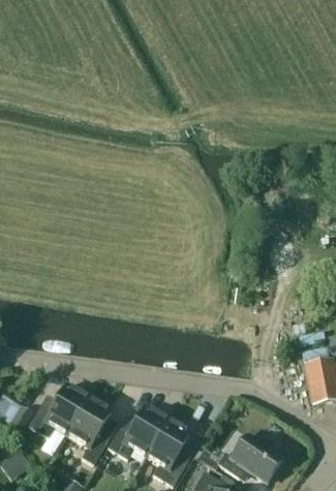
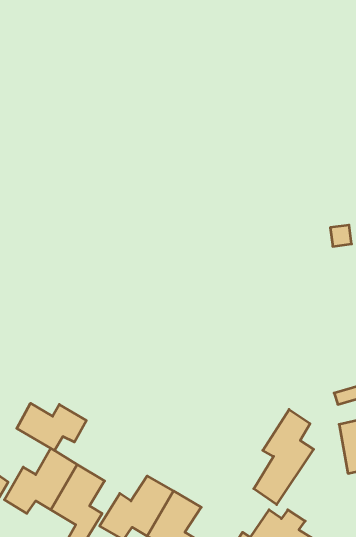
building: none -> [17,403,86,451]
building: none -> [254,409,314,505]

